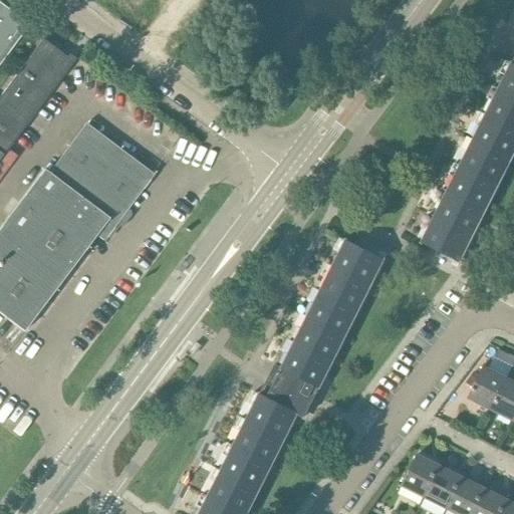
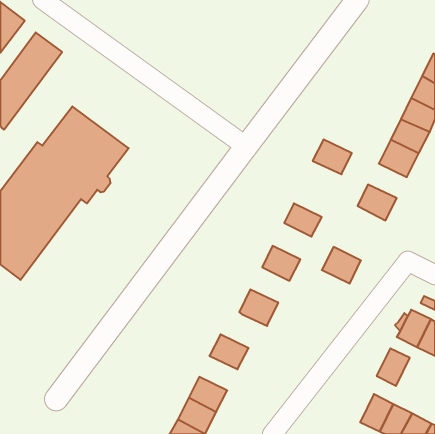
building: [434,193,480,234] -> [313,139,352,174]
building: [321,263,367,306] -> [322,247,361,284]
building: [295,315,341,357] -> none
building: [260,370,319,417] -> none
building: [235,420,280,461] -> none
building: [402,454,441,498] -> [377,348,410,386]

